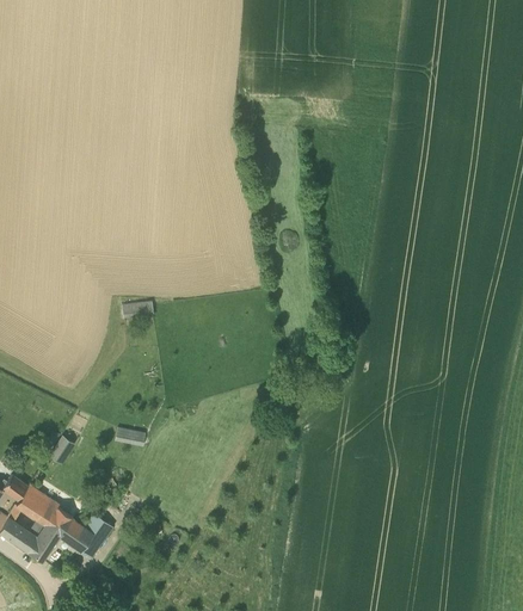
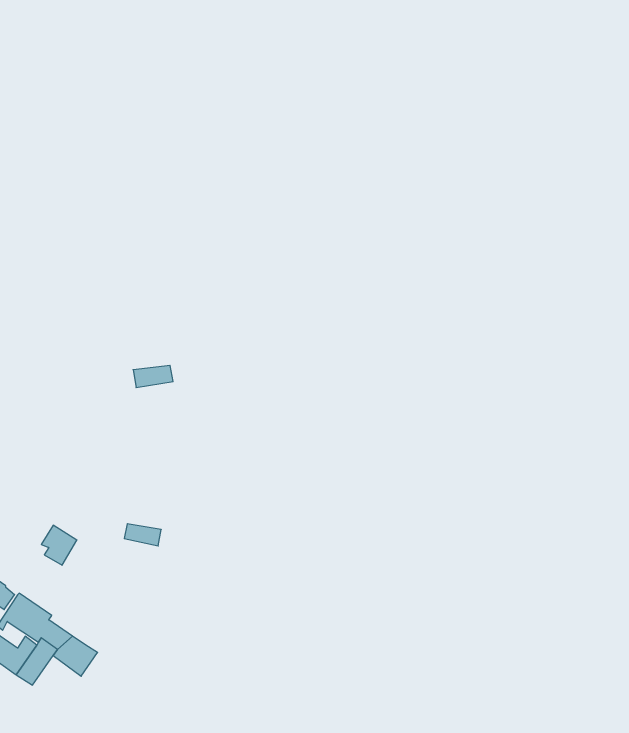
building: [79,513,111,557] -> none

